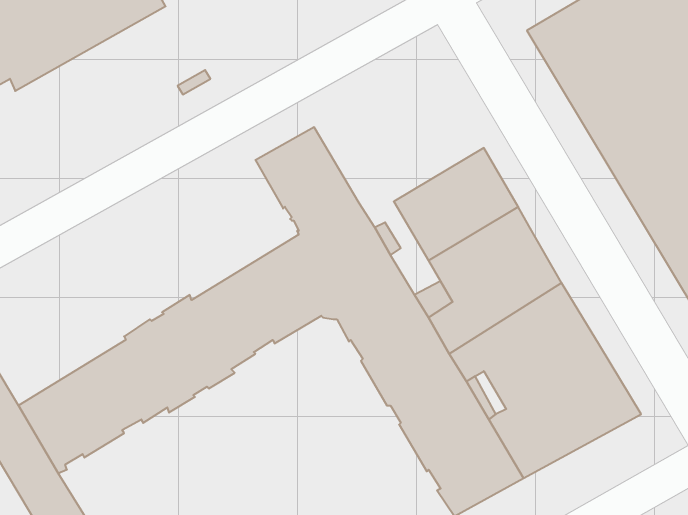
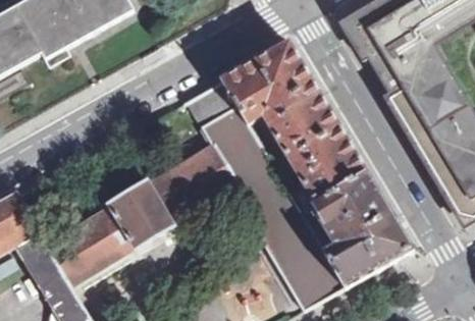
building: none -> [220,41,320,124]

